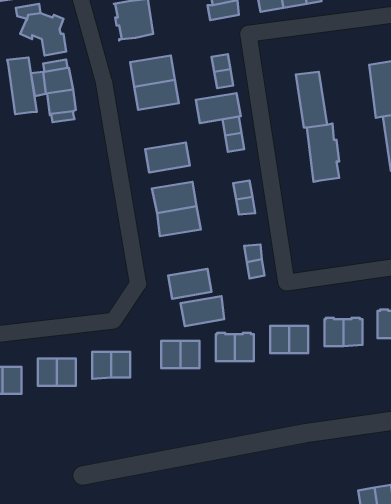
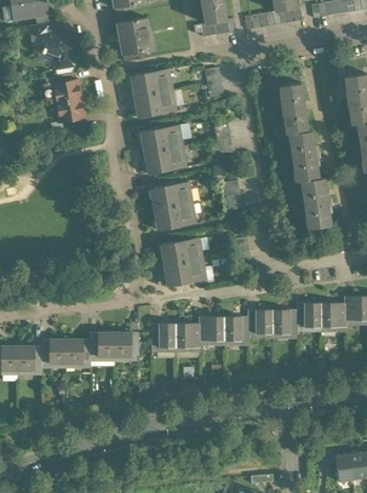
building: [7,57,37,114] -> none
building: [196,93,241,123] -> [141,126,180,153]
building: none -> [300,177,329,228]
building: [181,296,224,326] -> [161,239,200,265]

